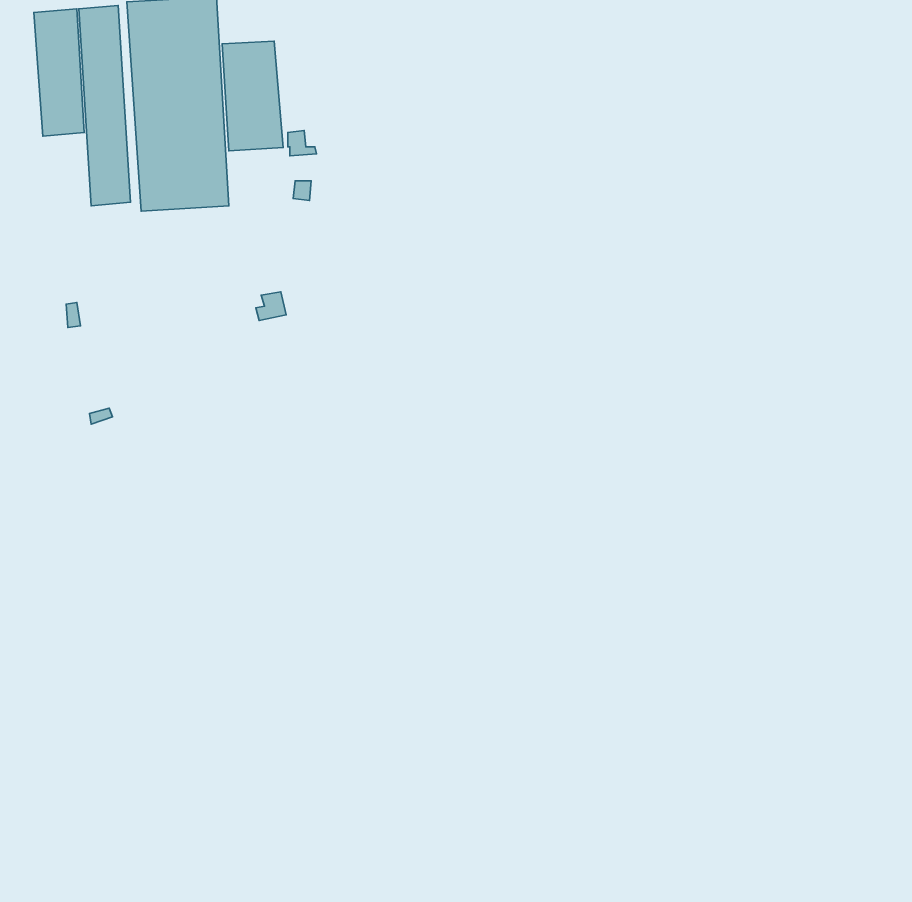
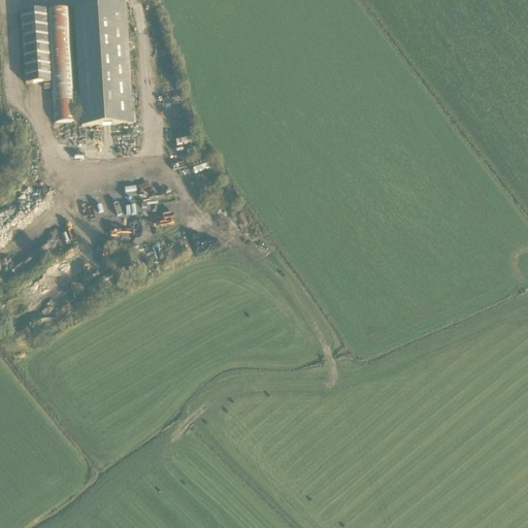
building: [222,41,283,151] -> none

